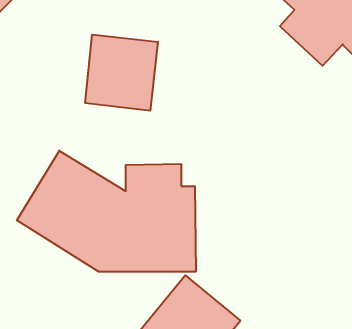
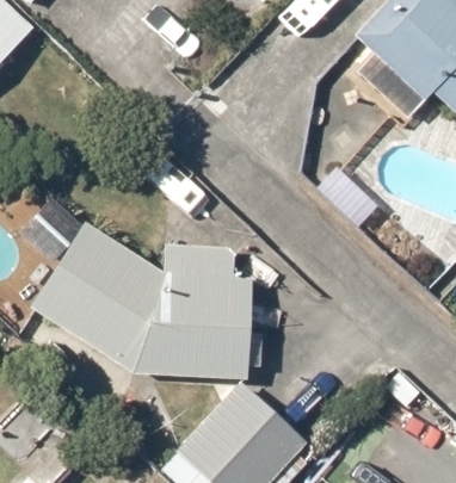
building: [85,35,158,111] -> none

